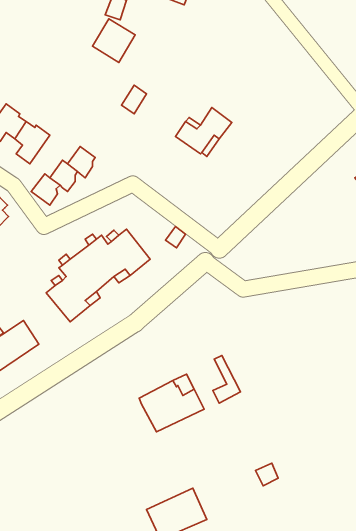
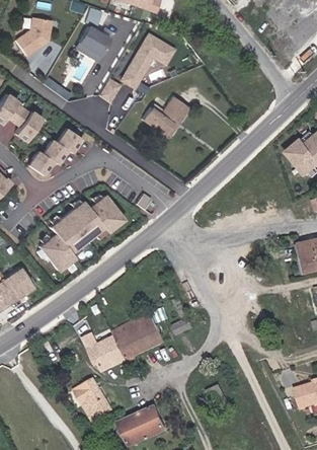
building: none -> [16,18,52,56]
building: none -> [122,33,174,86]
building: none -> [86,333,129,370]
building: none -> [76,377,115,422]

